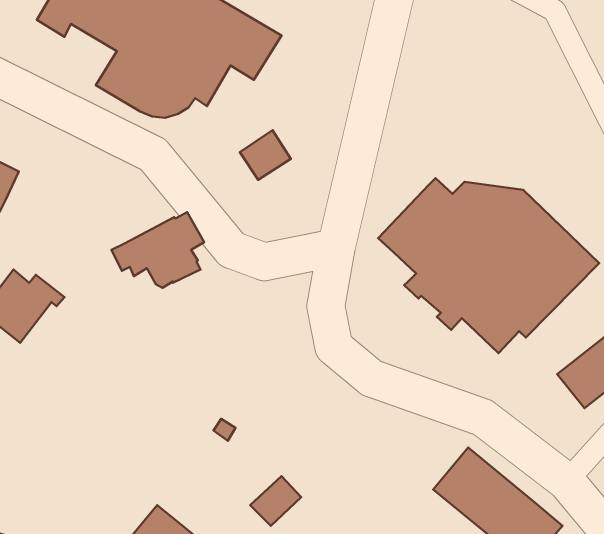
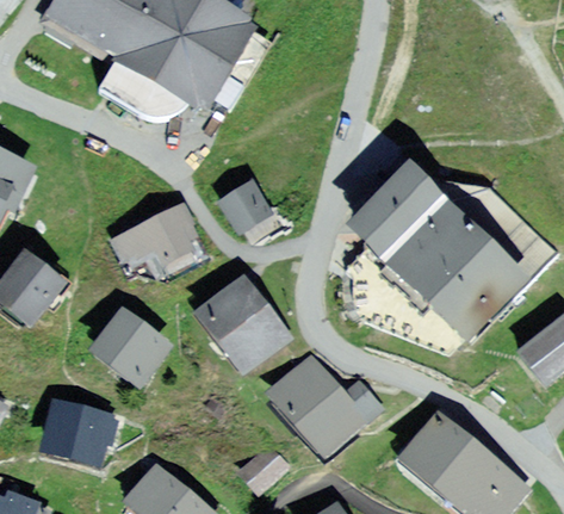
building: [240,130,291,180] -> [219,182,266,228]
building: none -> [200,283,280,365]
building: none -> [95,315,159,377]
building: none -> [272,360,376,450]
building: none -> [47,405,113,458]

